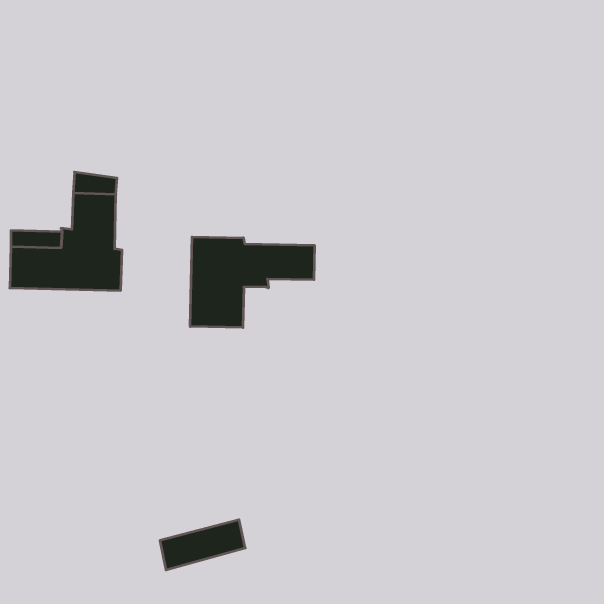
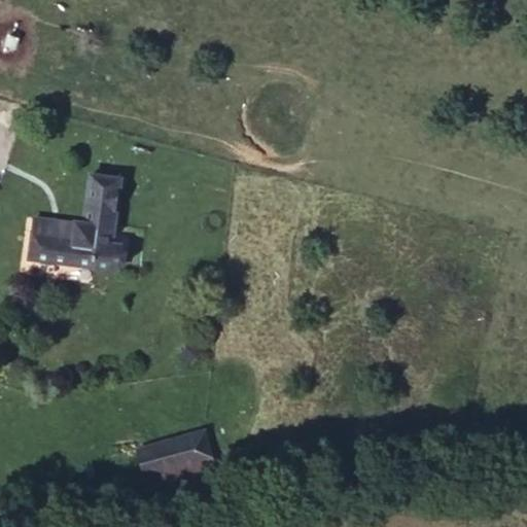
building: [190,237,314,328] -> none
building: none -> [147,427,218,472]

